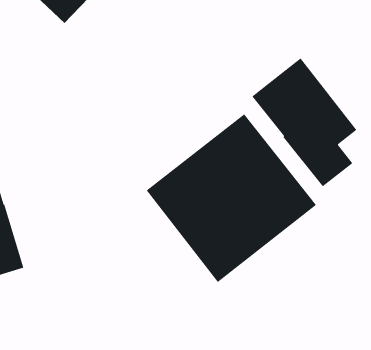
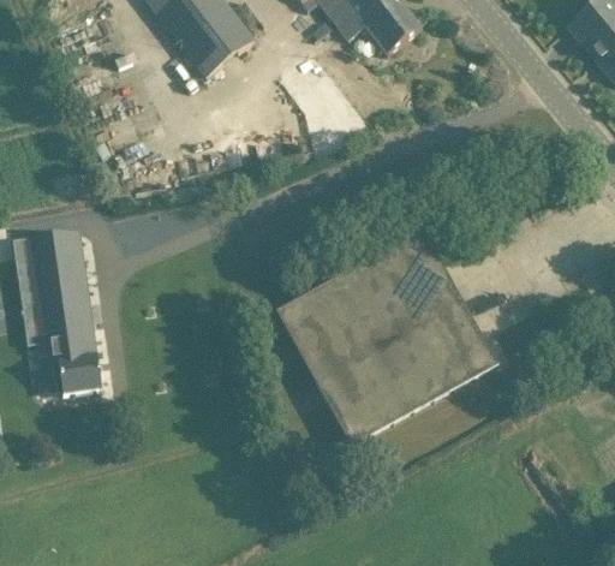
building: [251,58,357,187] -> none

